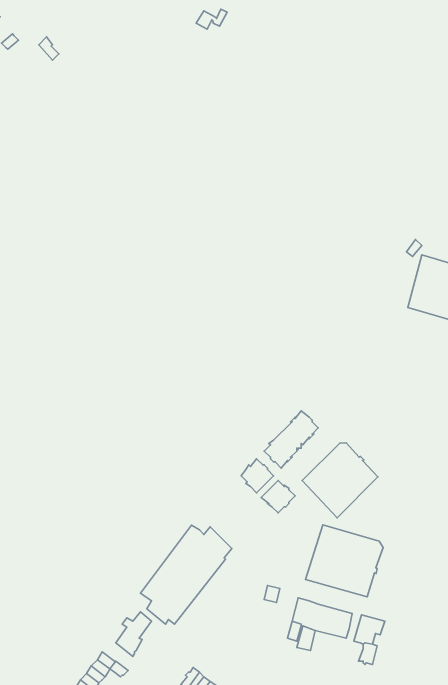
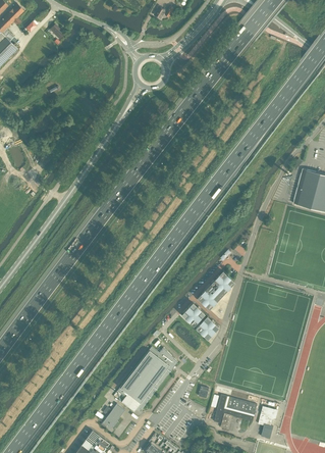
building: [302,443,378,518] -> none
building: [306,525,383,597] -> none

